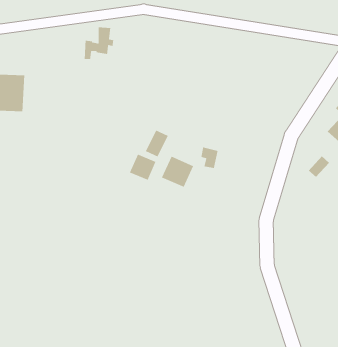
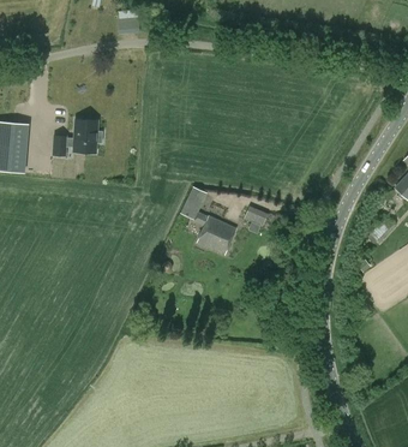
building: [84,27,114,60] -> [65,117,101,156]
building: [129,153,157,181] -> none

